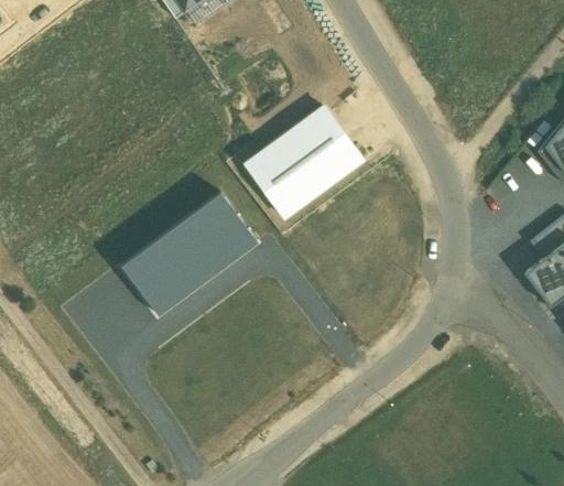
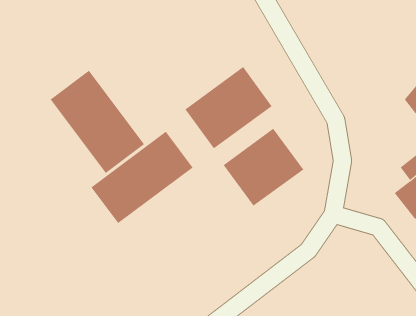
building: none -> [50,70,145,174]
building: none -> [223,128,304,207]

